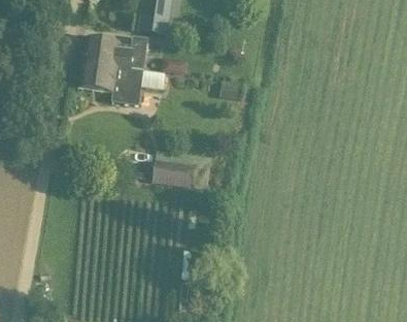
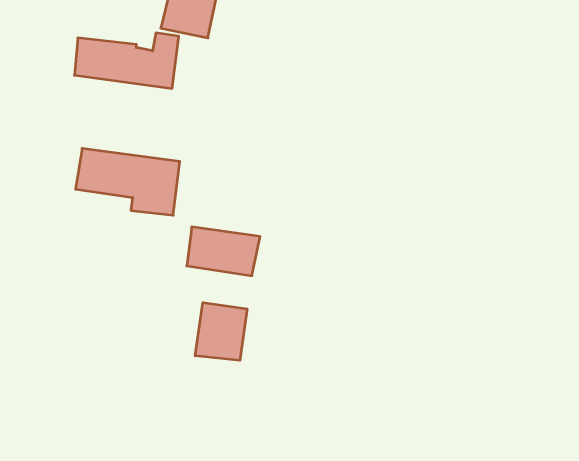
building: [77,61,143,103] -> [76,148,180,215]
building: none -> [195,303,247,360]

